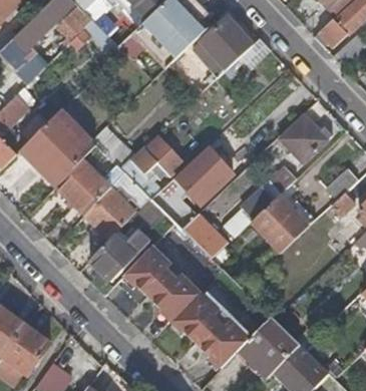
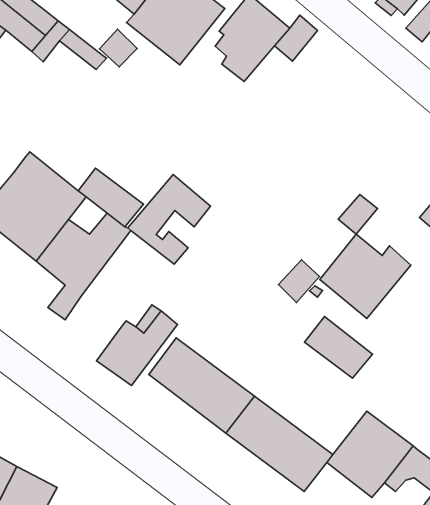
building: [281,115,332,161] -> none
building: [175,145,233,202] -> none
building: [84,171,149,238] -> none
building: [181,213,228,258] -> [304,317,373,378]

